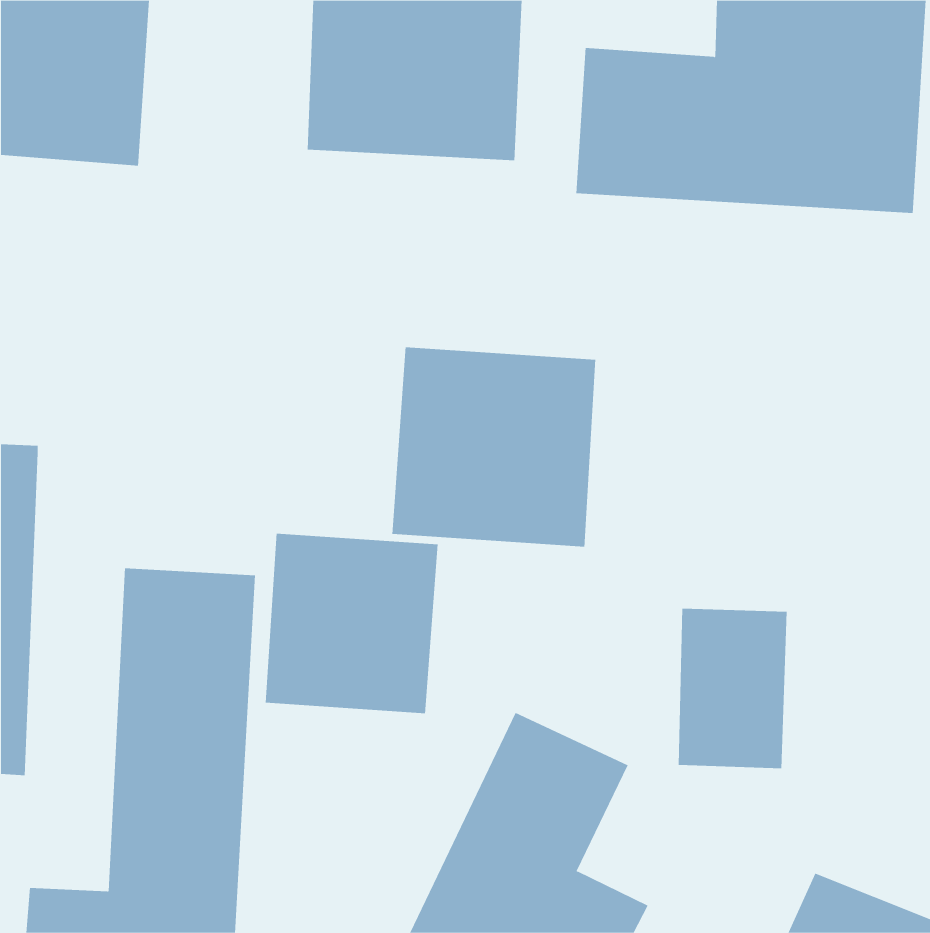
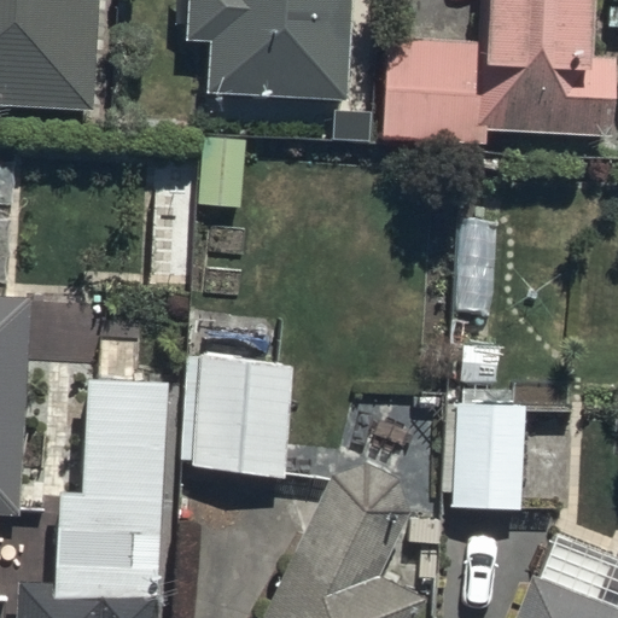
building: [392,347,596,547] -> none

